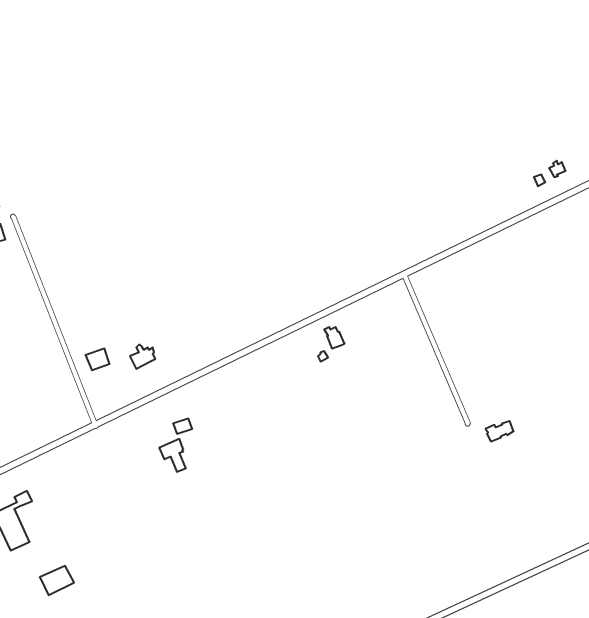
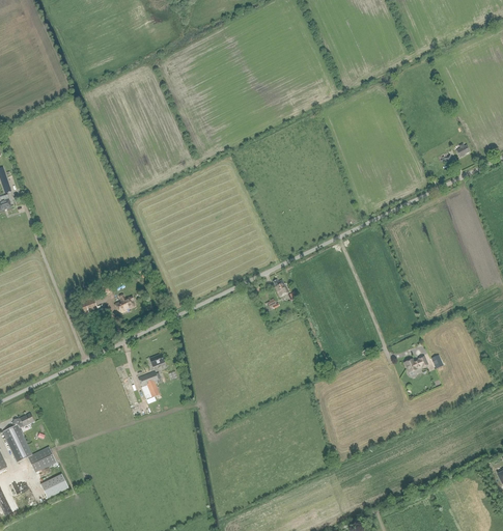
building: none -> [28,446,56,472]

